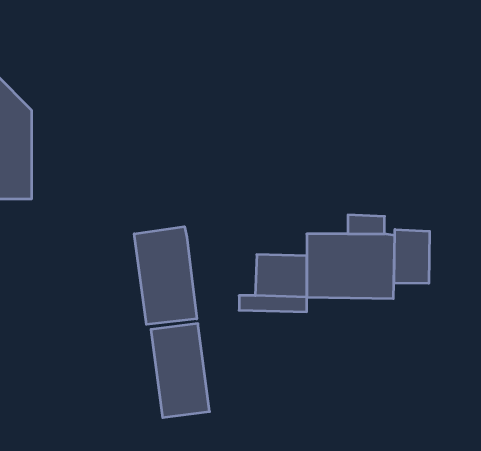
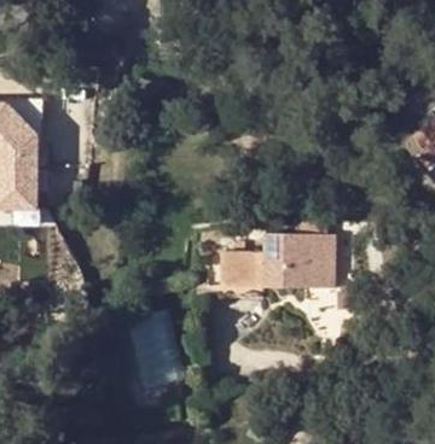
building: [134,227,197,324] -> none
building: [394,229,430,283] -> none

